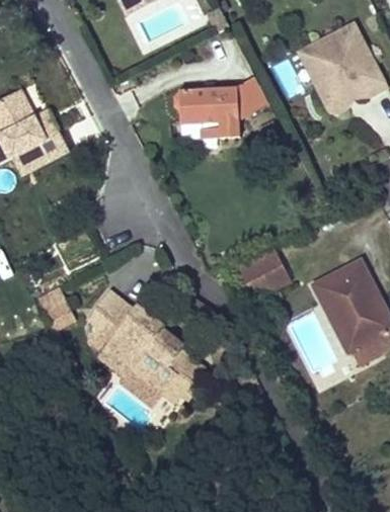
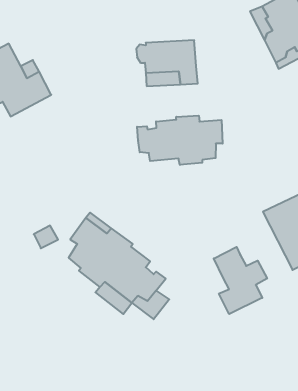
building: [233,74,265,114] -> none
building: none -> [137,116,223,165]
building: [236,250,289,300] -> none
building: none -> [214,247,267,314]

